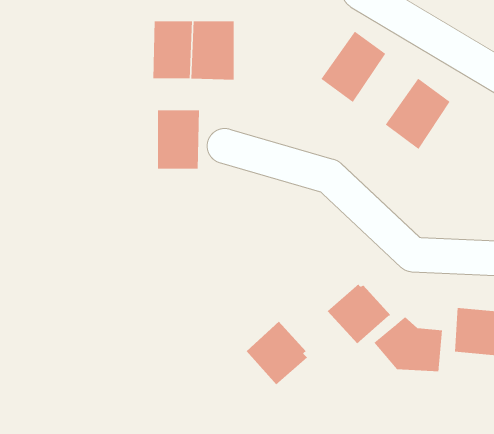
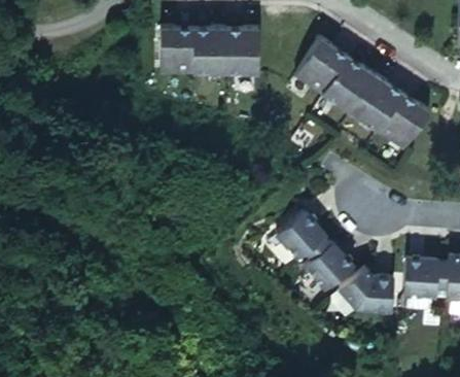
building: none -> [322,53,375,110]
building: none -> [376,92,429,150]
building: [157,110,200,169] -> [225,26,260,74]
building: [246,321,308,385] -> [276,210,326,263]

